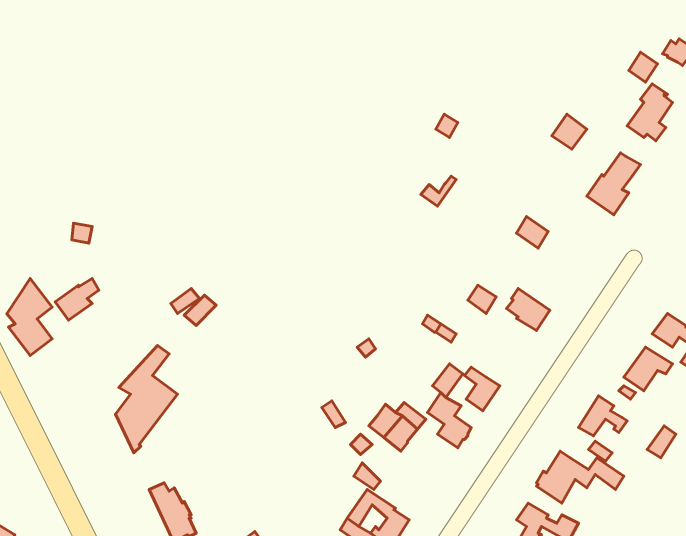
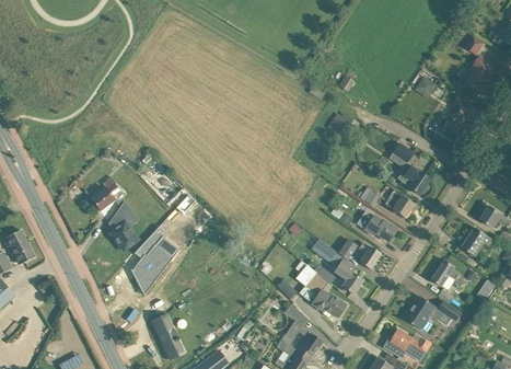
building: none -> [399,166,429,194]
building: [7,279,52,356] -> [107,200,137,251]
building: none -> [356,210,396,241]
building: none -> [311,289,345,318]

